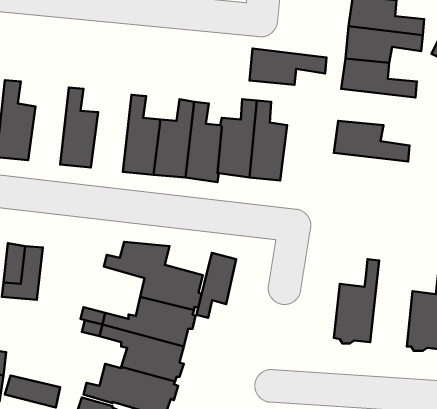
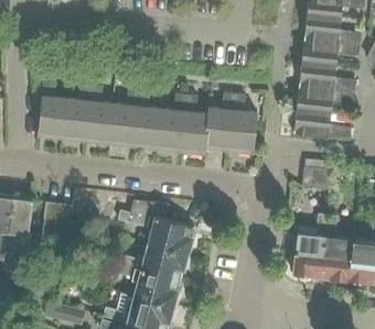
building: [249,49,327,85] -> [296,86,354,113]
building: none -> [61,84,92,143]
building: none -> [108,89,139,149]
building: none -> [301,161,333,190]
building: [197,253,236,318] -> none
building: none -> [320,216,352,283]

